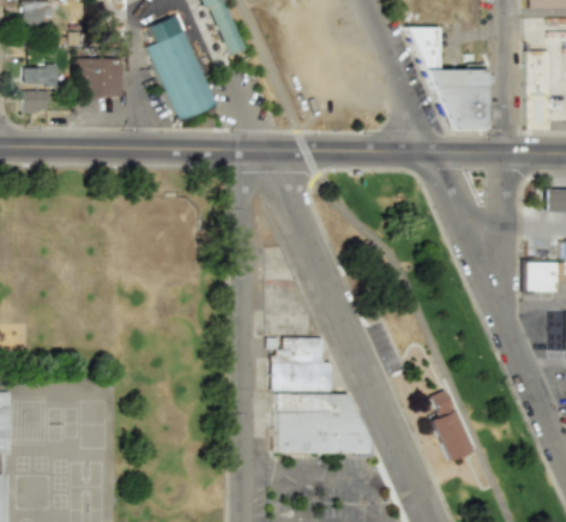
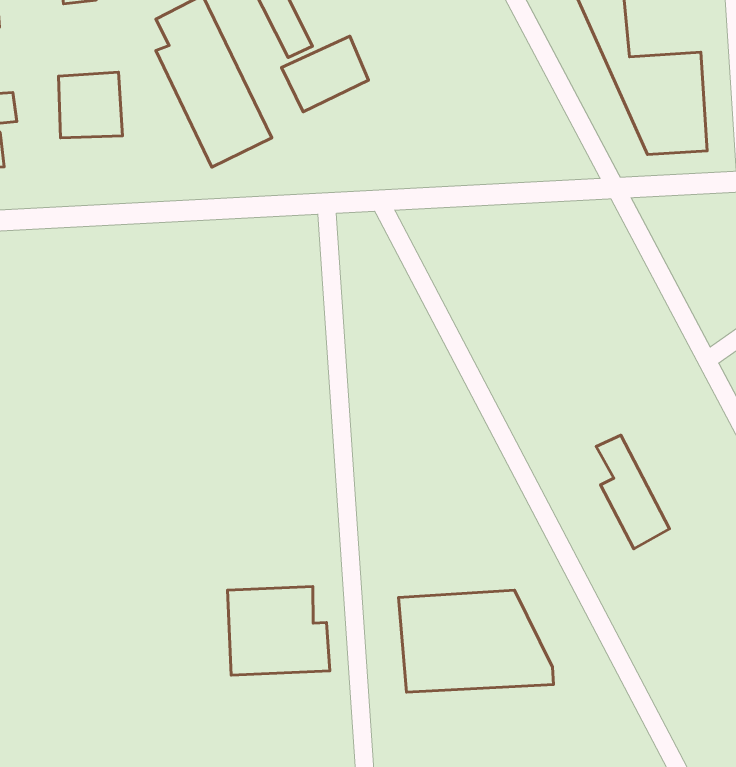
building: none -> [282,36,369,112]
building: [270,337,331,391] -> [228,586,330,675]
building: [429,390,471,461] -> [596,435,669,549]

